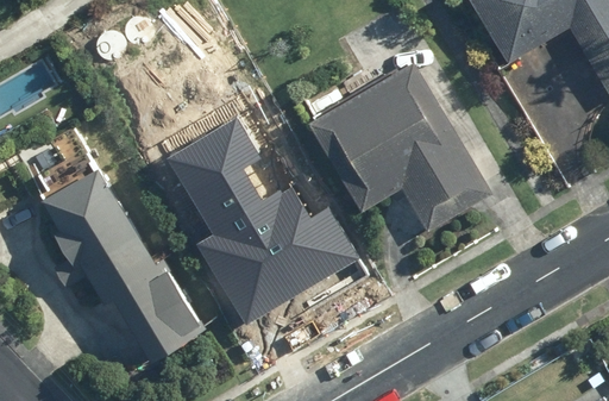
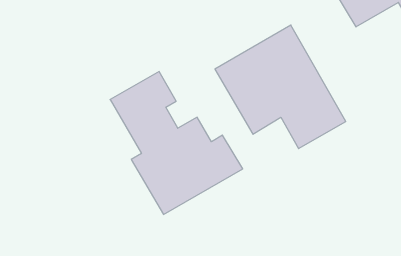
building: [37,167,194,342] -> none

